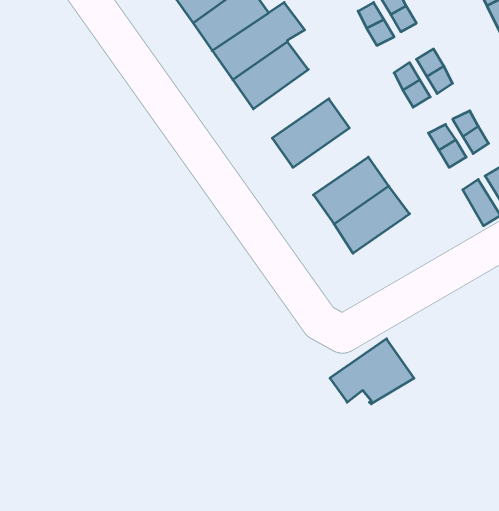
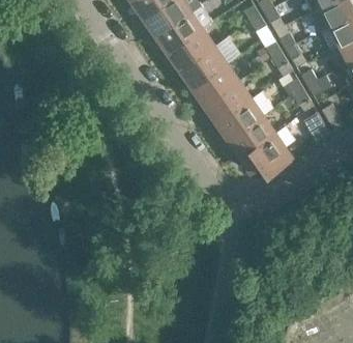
building: none -> [180,47,226,88]
building: none -> [204,82,249,122]
building: [330,339,414,404] -> [240,134,291,173]

